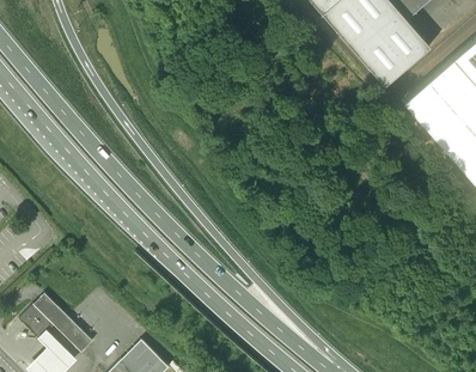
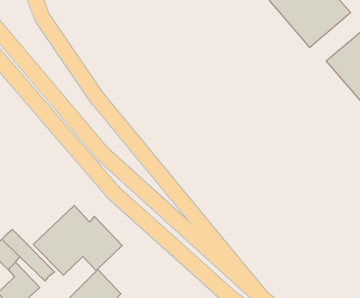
building: none -> [33,205,122,275]

